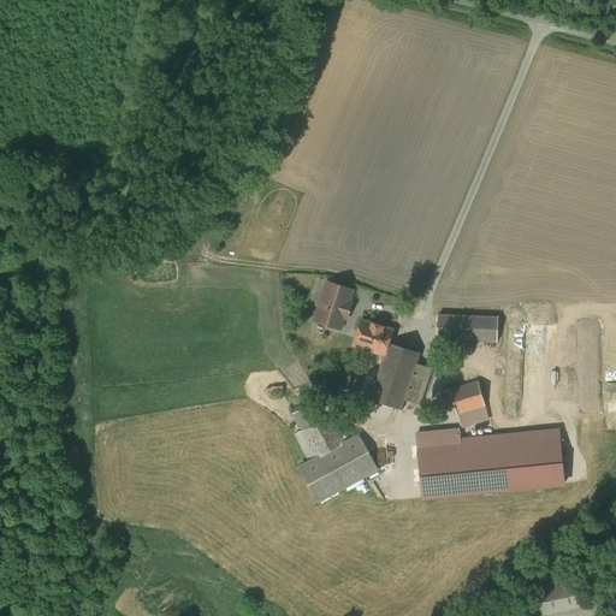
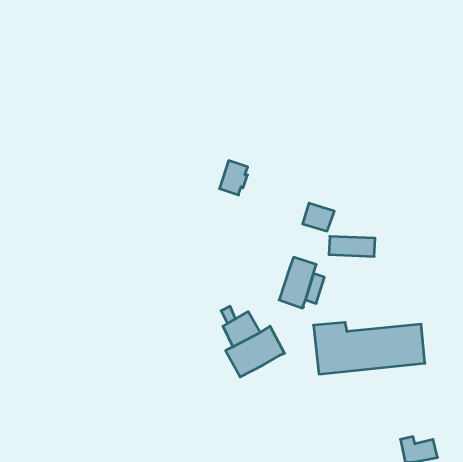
building: [315,282,353,327] -> [219,161,248,195]
building: [353,318,395,355] -> [303,203,334,231]
building: [450,379,486,414] -> none

